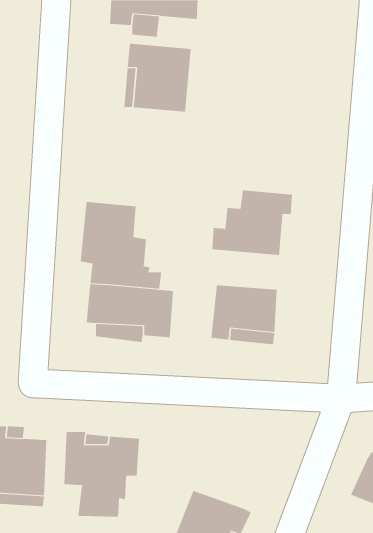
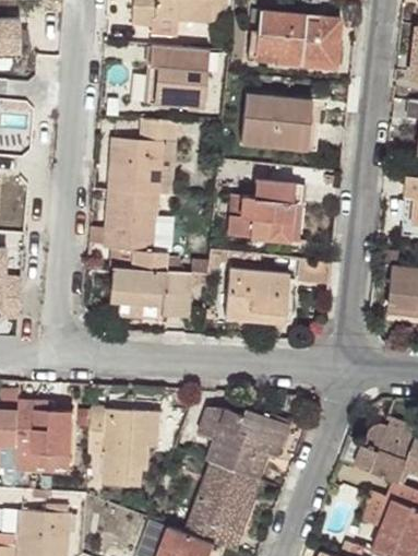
building: none -> [256,8,342,67]
building: none -> [242,93,312,150]
building: none -> [110,118,177,194]
building: none -> [198,405,289,476]

